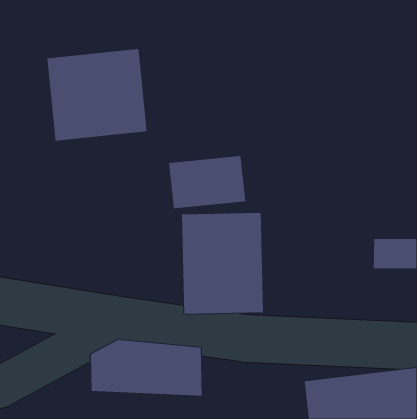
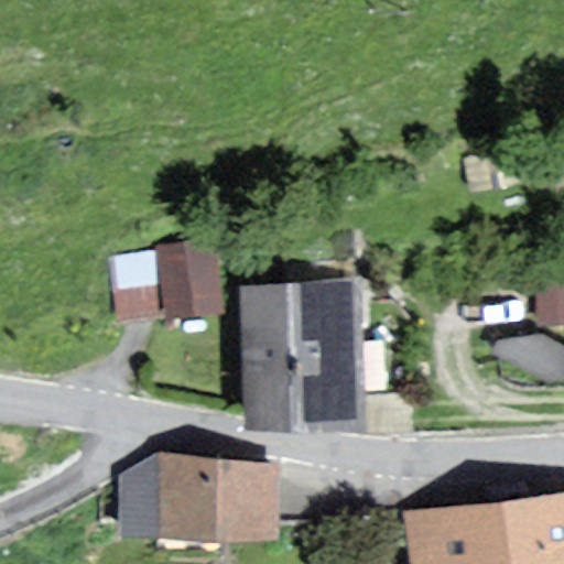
building: [47,48,147,142] -> none
building: [168,156,246,209] -> [110,246,215,317]

